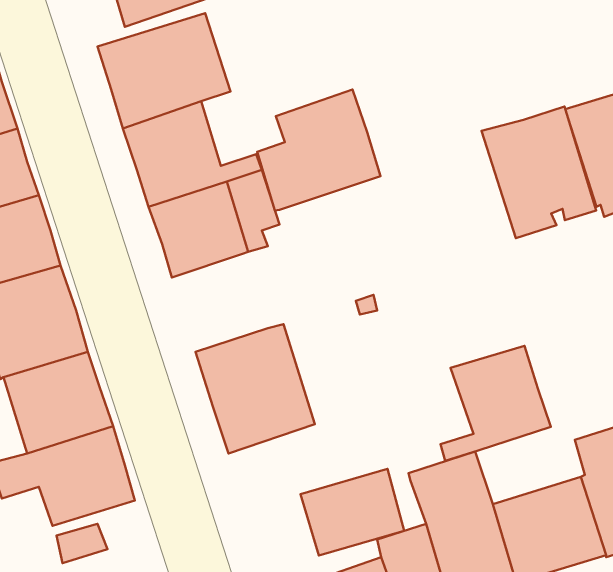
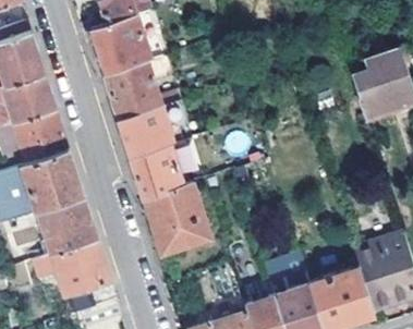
building: [257,89,380,210] -> none
building: [482,107,596,238] -> none
building: none -> [130,144,183,198]
building: [441,346,551,461] -> none
building: [300,469,404,556] -> none

